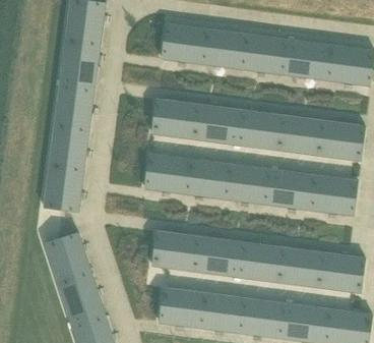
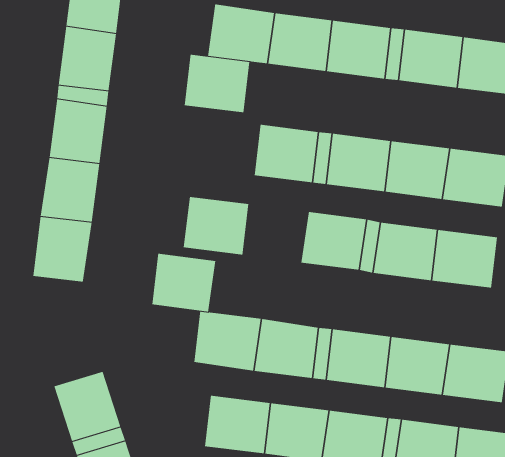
building: [150,99,195,138] -> [184,54,250,113]
building: [184,158,228,197] -> [151,253,216,312]
building: [43,231,89,281] -> none

